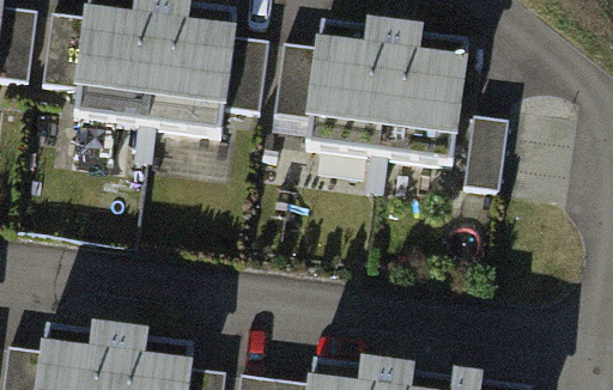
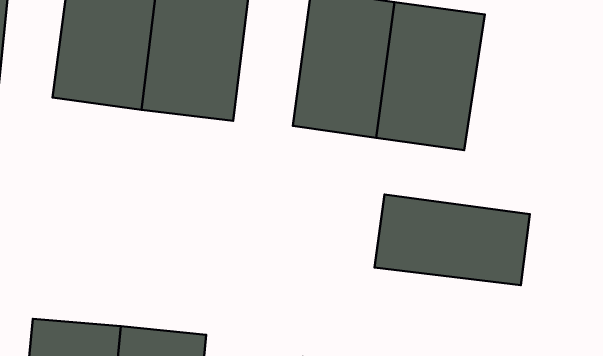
building: none -> [375,194,530,285]

